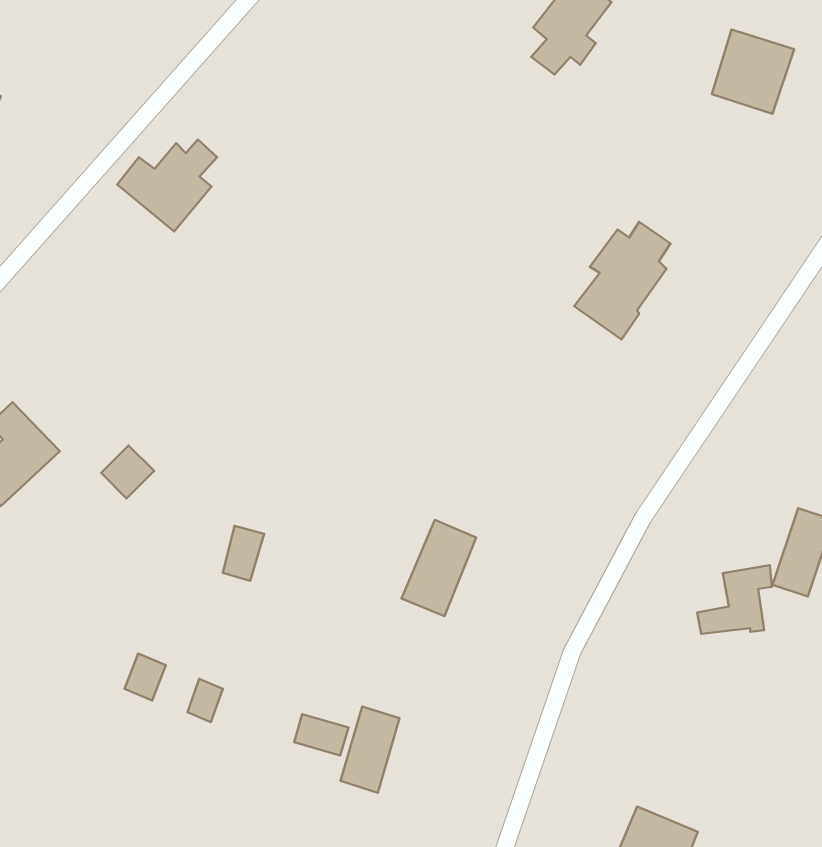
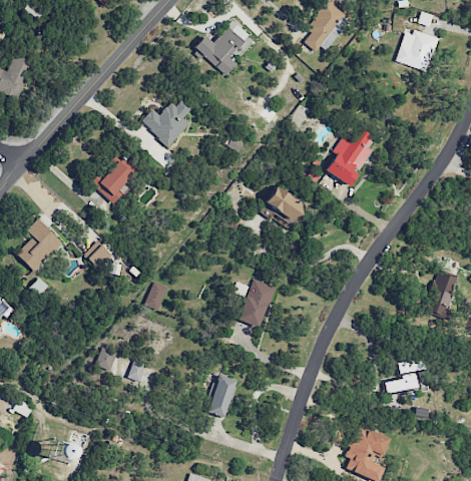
building: none -> [194,20,250,76]
building: [117,139,217,232] -> [141,99,192,146]
building: none -> [94,159,133,204]
building: none -> [261,186,307,223]
building: [697,565,772,634] -> [386,358,424,393]
building: [294,714,348,755] -> none

